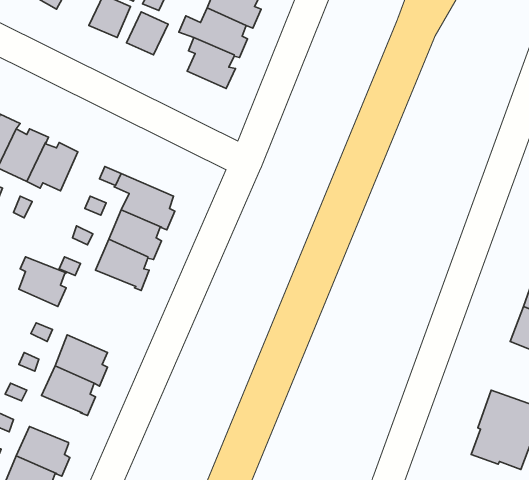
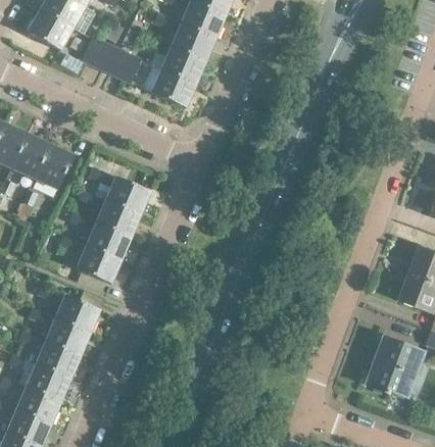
building: [19,257,66,307] -> [80,246,115,284]
building: none -> [35,341,75,380]

